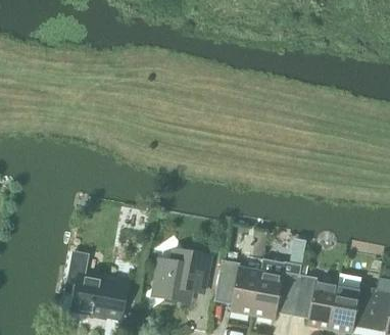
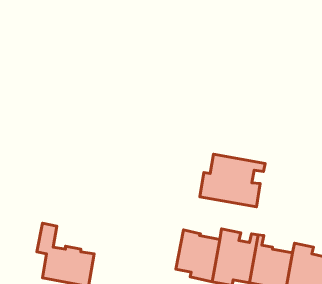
building: none -> [200,154,265,207]
building: [154,248,211,299] -> none

